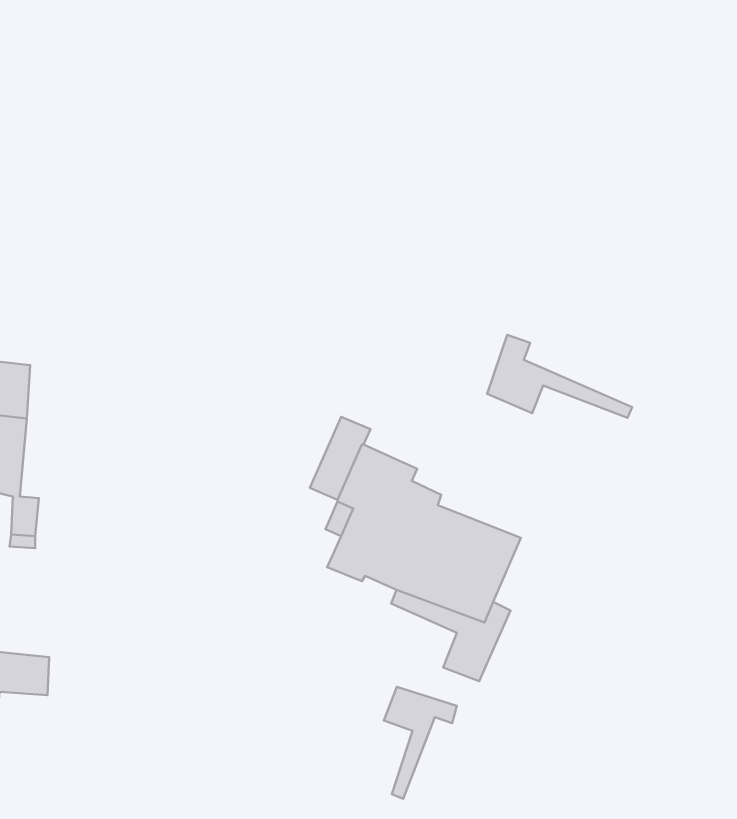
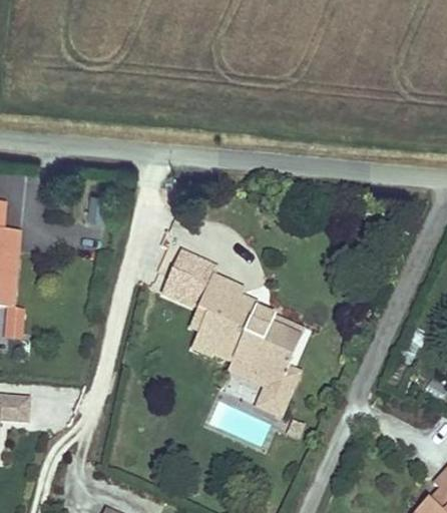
building: [487,335,632,418] -> none
building: none -> [162,250,199,301]
building: [384,687,457,799] -> none

